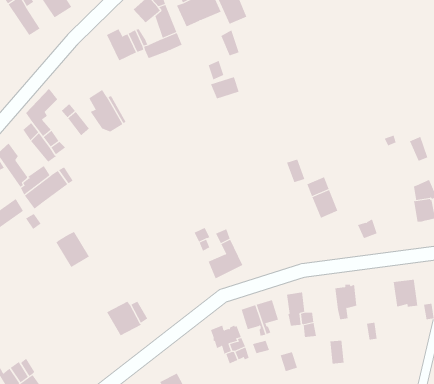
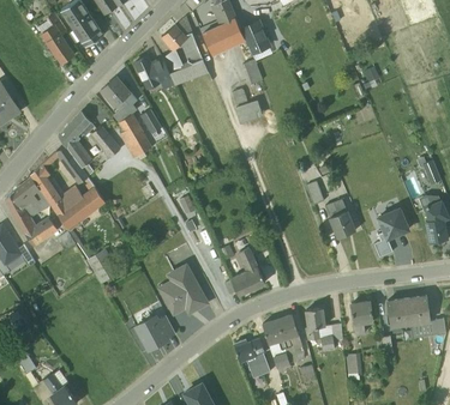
building: none -> [101,79,132,123]
building: none -> [378,207,408,237]
building: none -> [162,265,208,313]
building: none -> [386,297,410,326]

